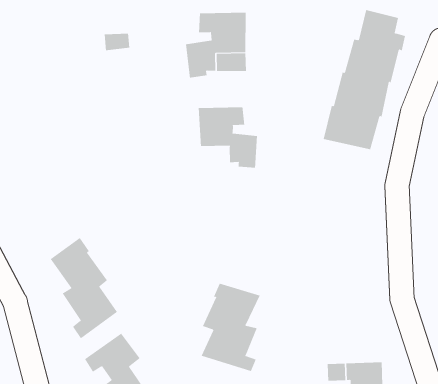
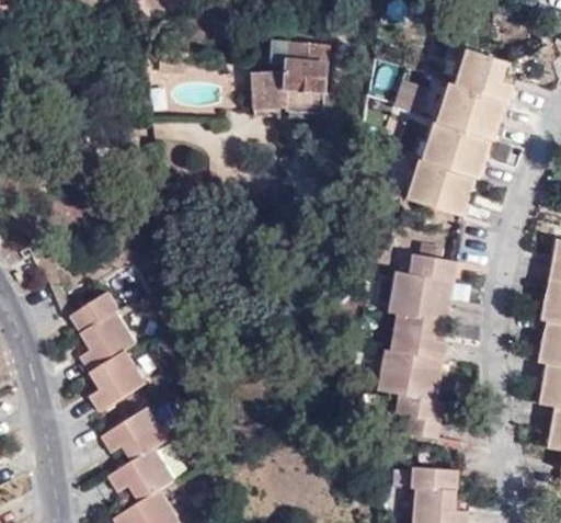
building: [198,106,257,169] -> none
building: none -> [375,253,456,437]
building: [201,283,260,372] -> none

